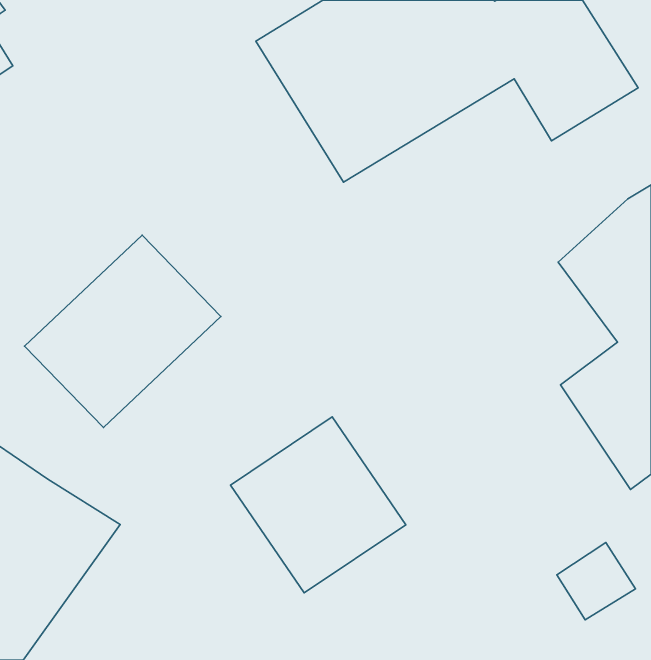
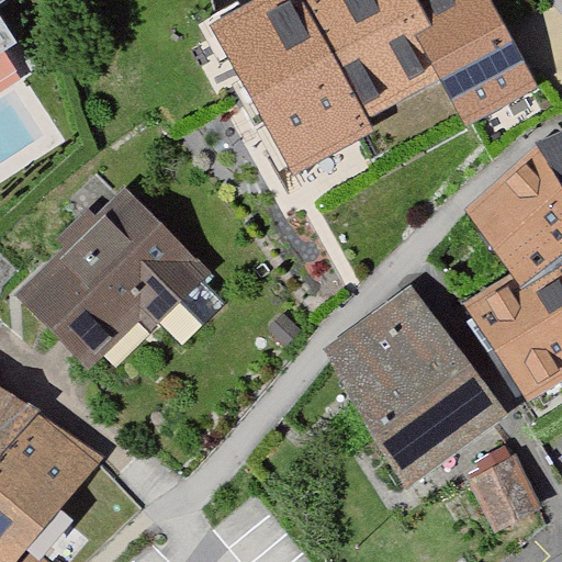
building: none -> [328,296,494,472]
building: [231,417,406,593] -> none

